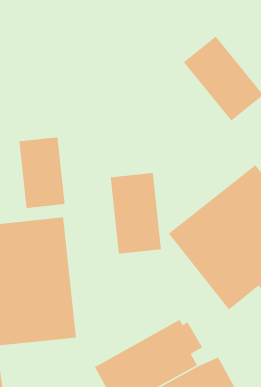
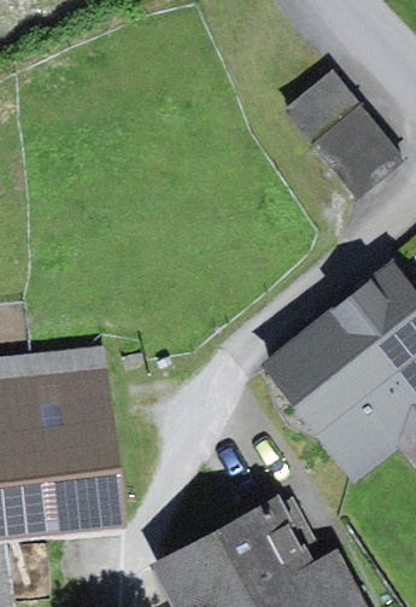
building: [19,136,65,209] -> none
building: [110,172,162,255] -> none

